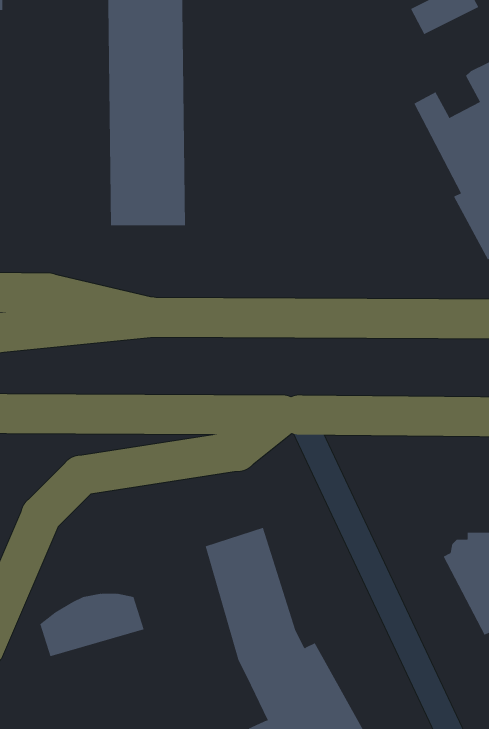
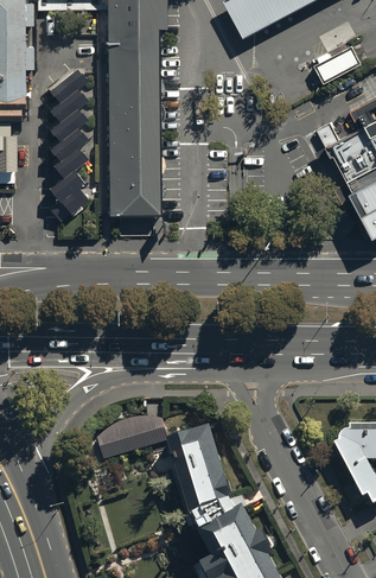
building: none -> [45,70,94,228]
building: [39,593,145,657] -> [98,417,171,461]

